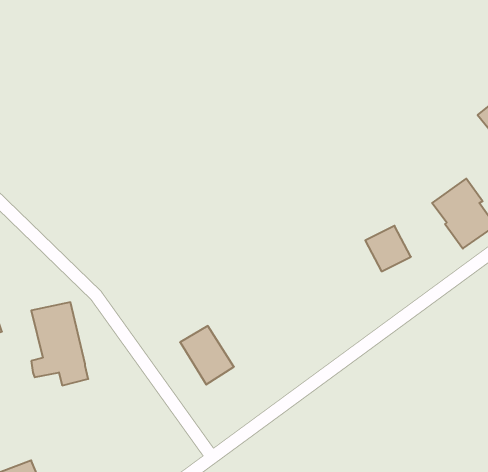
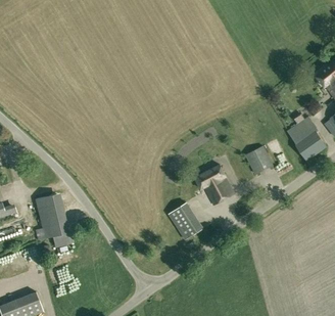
building: none -> [195,165,234,204]
building: [180,326,234,385] -> [169,201,202,238]

